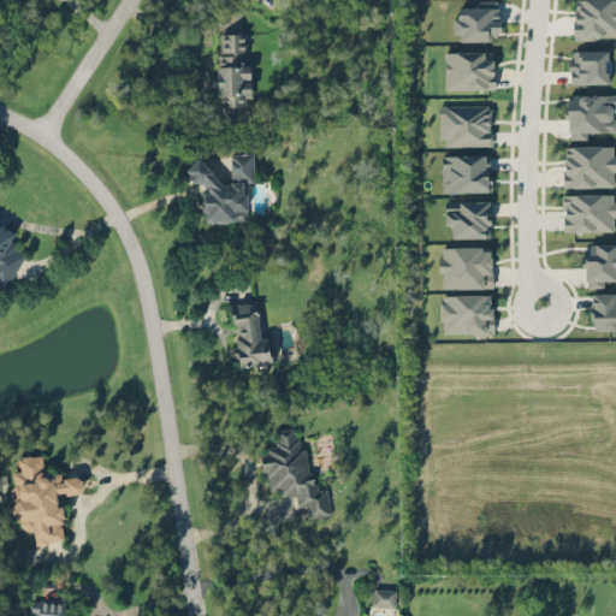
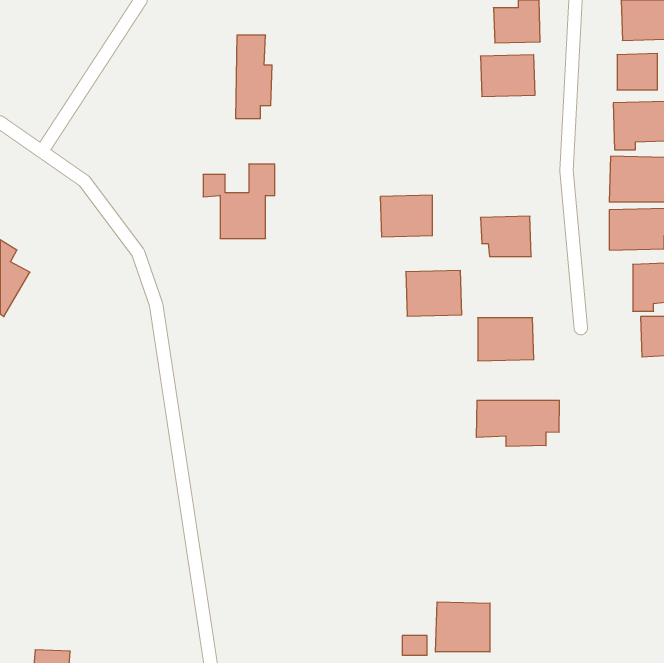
building: [442,107,493,148] -> none
building: [443,156,491,195] -> [380,195,432,237]
building: [442,248,493,290] -> [406,270,462,316]
building: [232,303,272,368] -> none
building: none -> [477,400,559,446]
building: [263,430,330,519] -> none
building: [12,456,84,545] -> none
building: none -> [436,602,490,652]

